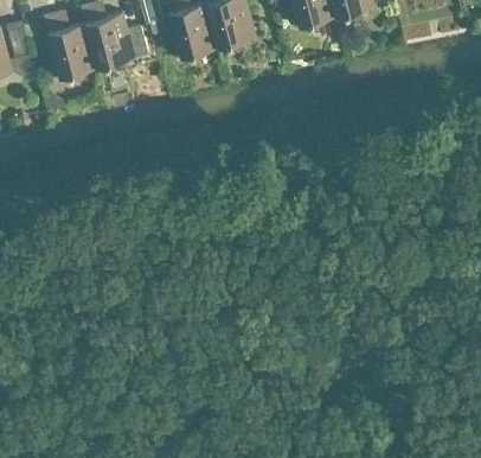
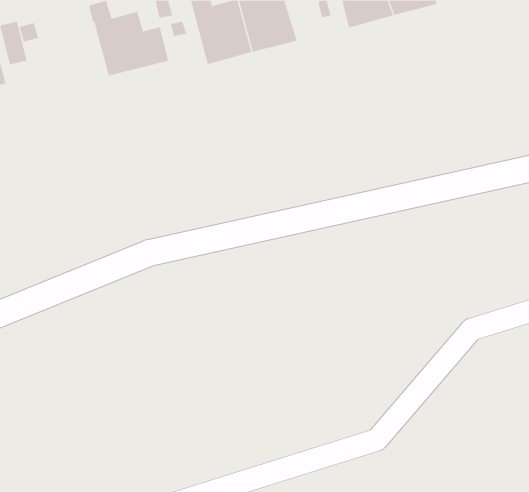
building: [45,13,98,78] -> none

